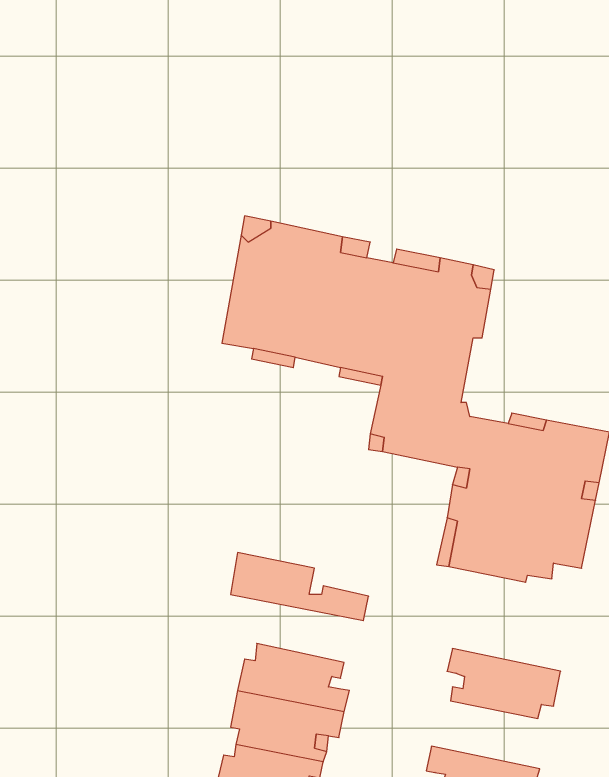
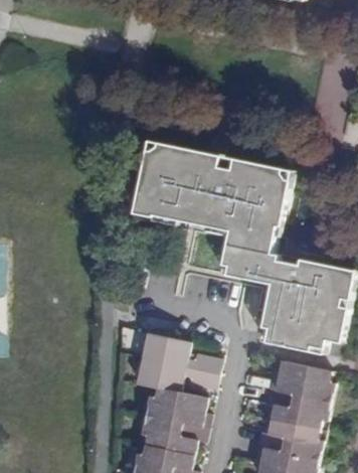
building: none -> [134,358,216,391]
building: none -> [267,362,334,403]
building: none -> [255,420,321,459]

